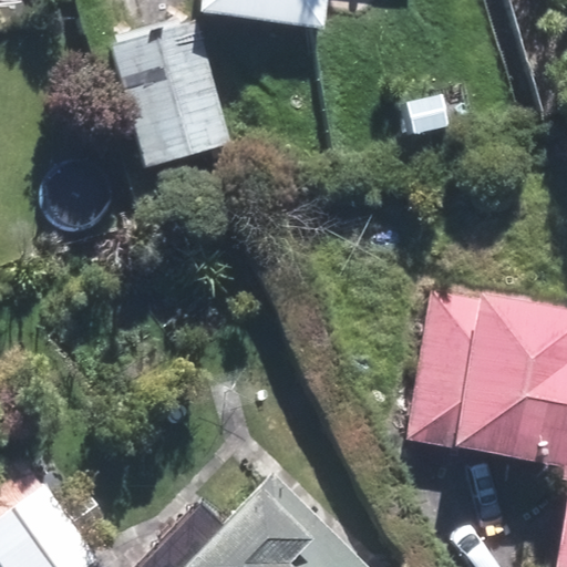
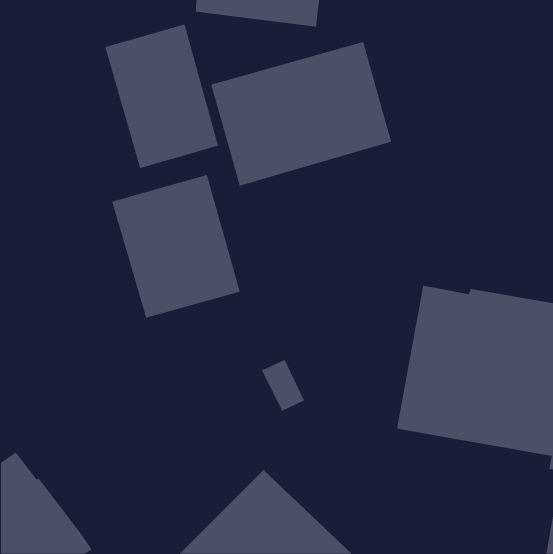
building: none -> [210,41,392,186]
building: none -> [112,174,240,319]

